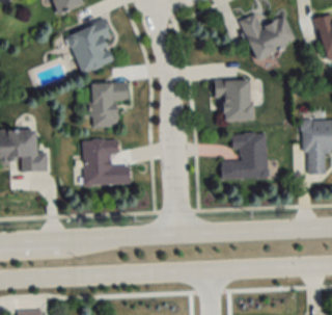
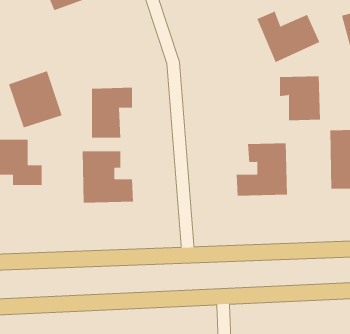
building: [67,21,116,73] -> [8,70,63,128]
building: [215,80,252,121] -> [279,76,321,121]

